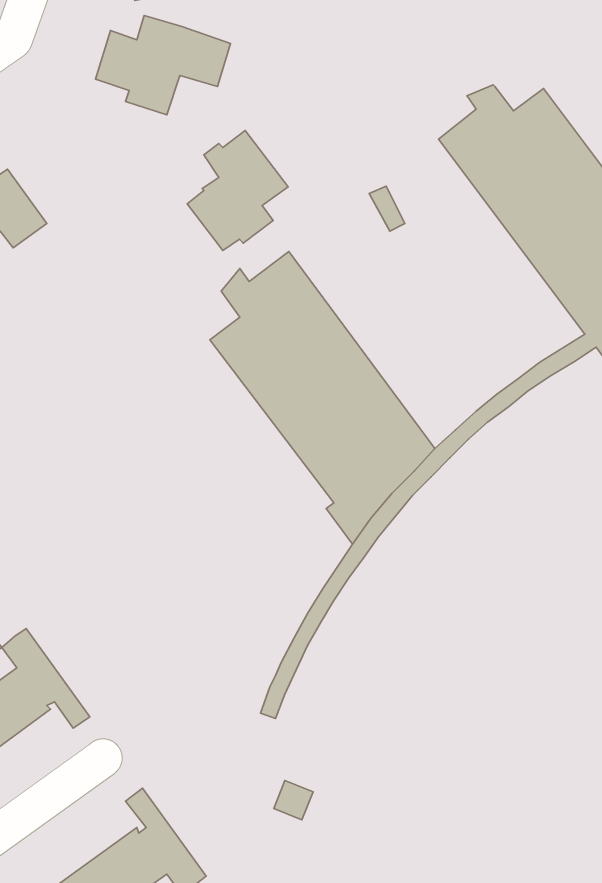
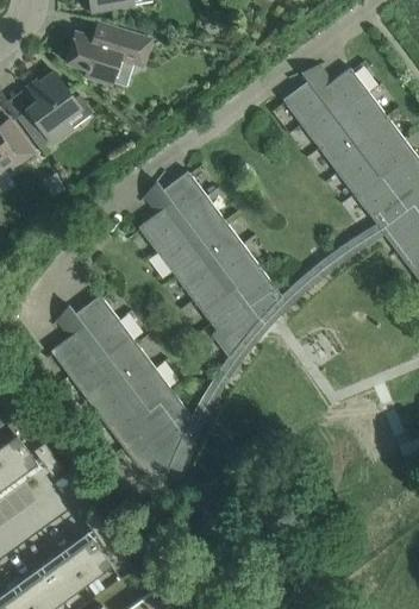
building: [187,131,288,251] -> [17,71,81,147]
building: none -> [51,295,192,481]

